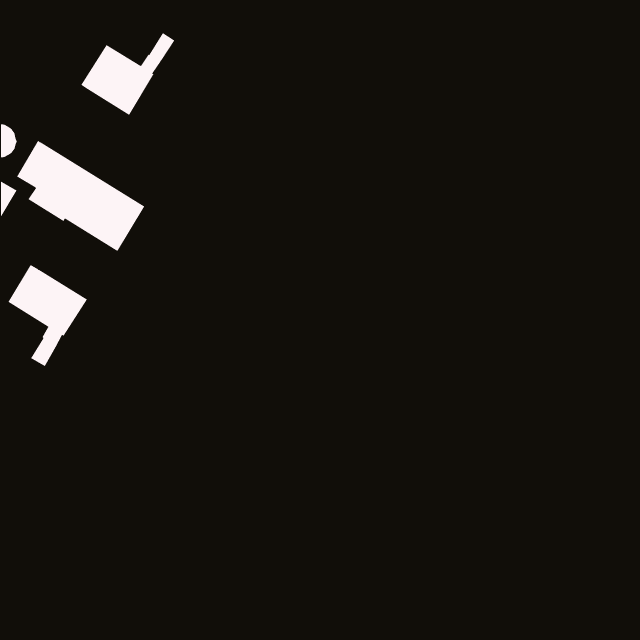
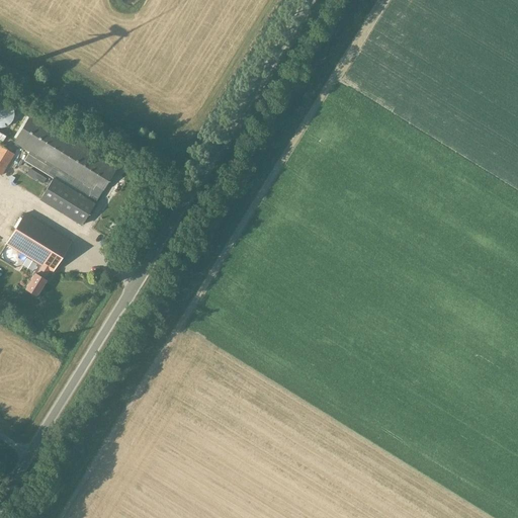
building: [80,32,175,116] -> none
building: none -> [38,177,95,226]

